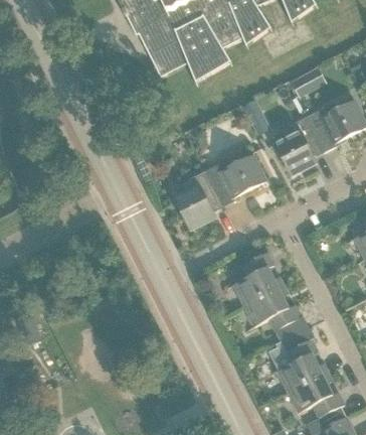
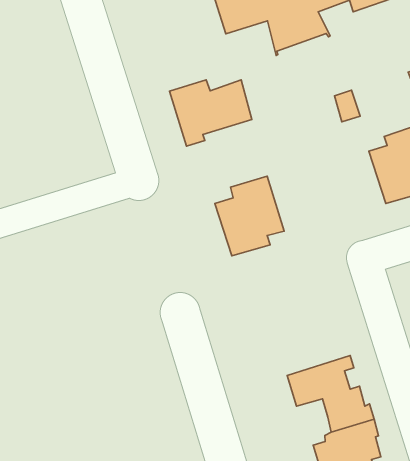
building: [206,153,266,205] -> [170,80,252,146]
building: [233,251,285,305] -> none

